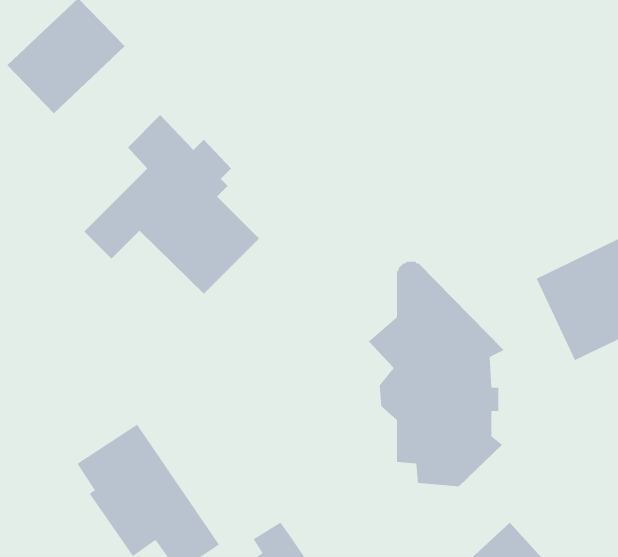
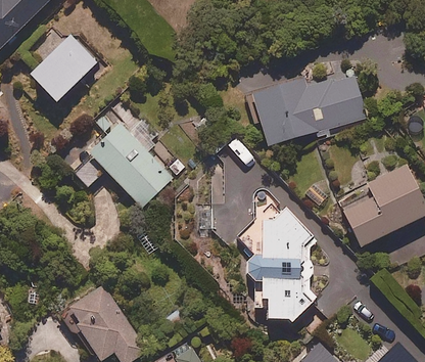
building: none -> [250,72,367,145]

